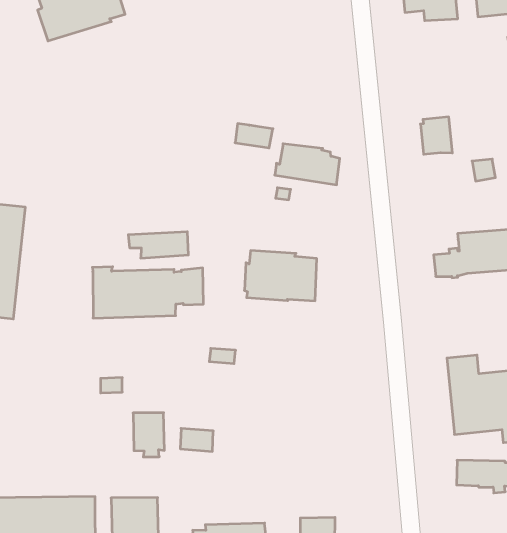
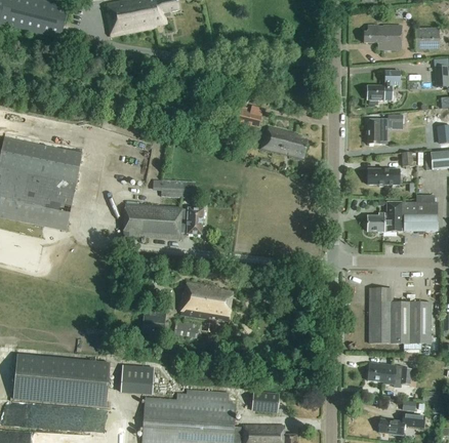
building: none -> [367,70,400,104]
building: none -> [367,167,400,184]
building: [244,251,317,301] -> [179,280,233,320]

